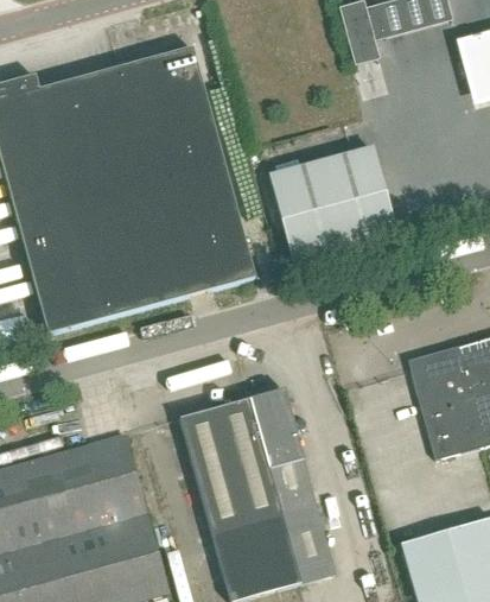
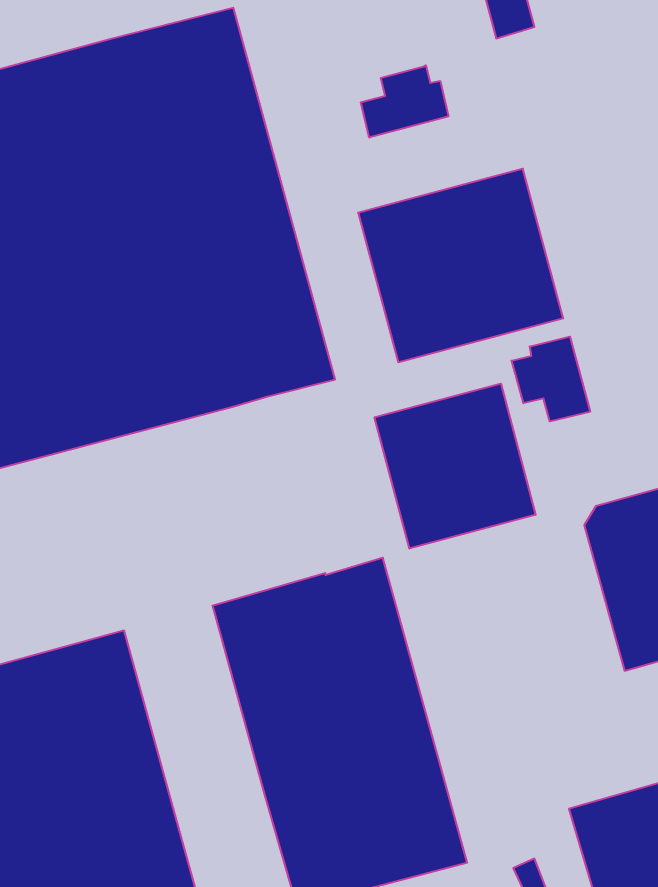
building: none -> [361,65,448,138]
building: none -> [511,337,590,421]
building: none -> [375,384,536,549]

